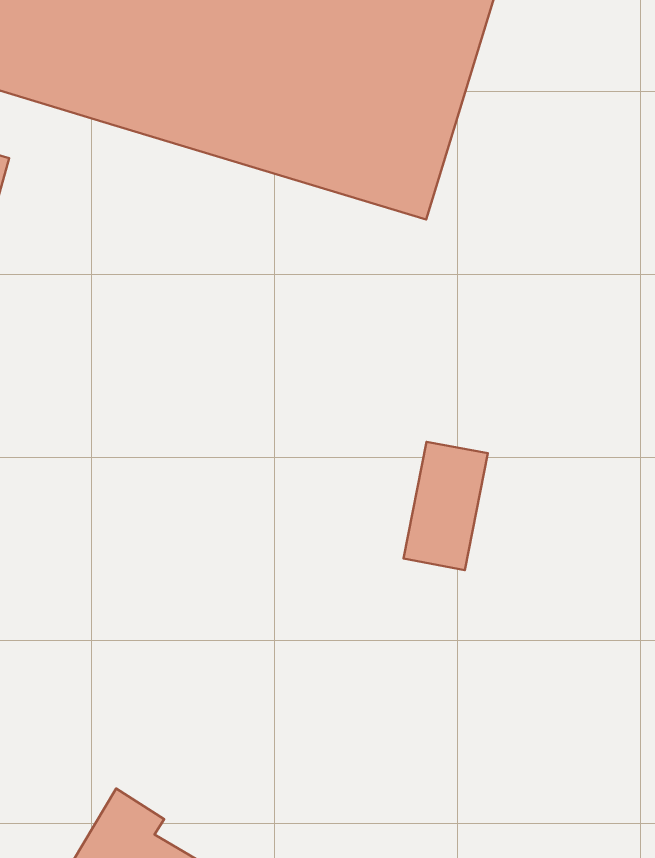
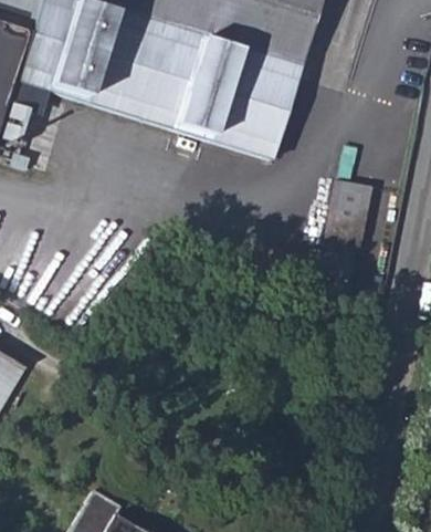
building: [404,442,488,570] -> [322,177,370,251]

